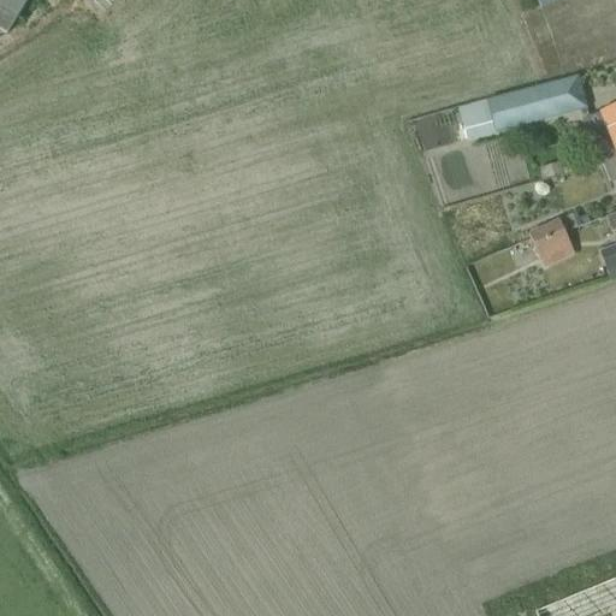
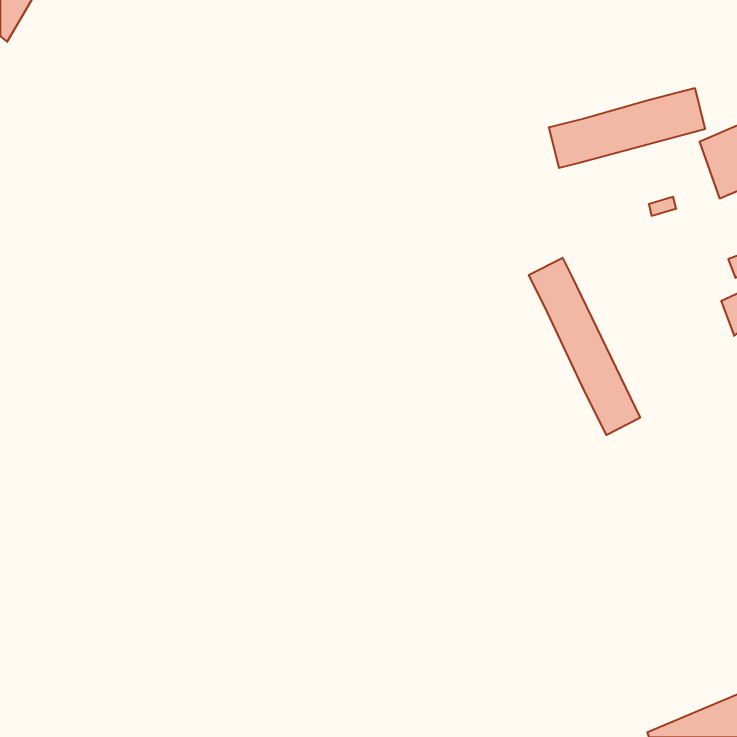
building: none -> [529,258,640,435]
building: [528,218,576,267] -> none

